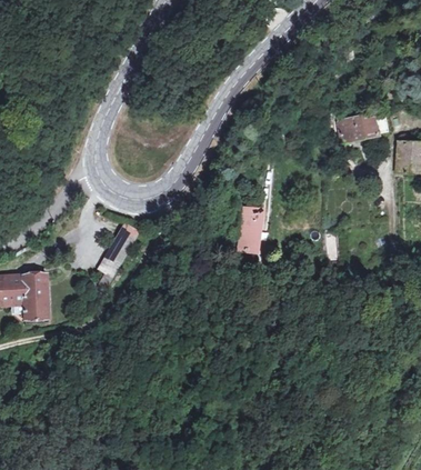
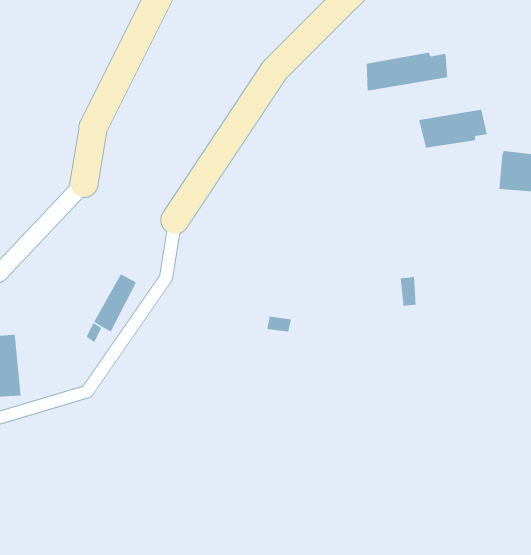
building: none -> [366,52,448,92]
building: [239,207,260,249] -> none

